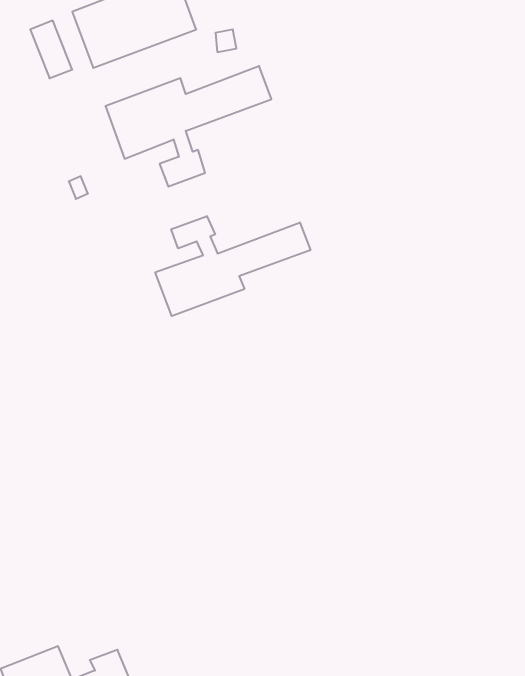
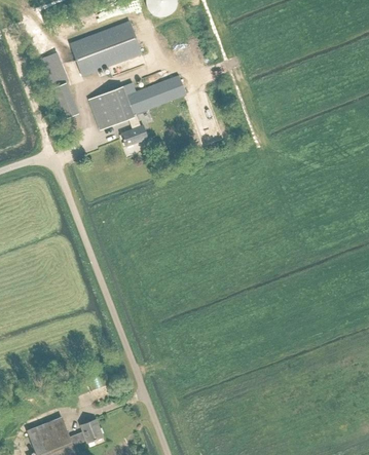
building: none -> [48,82,78,120]
building: [155,216,310,316] -> none

